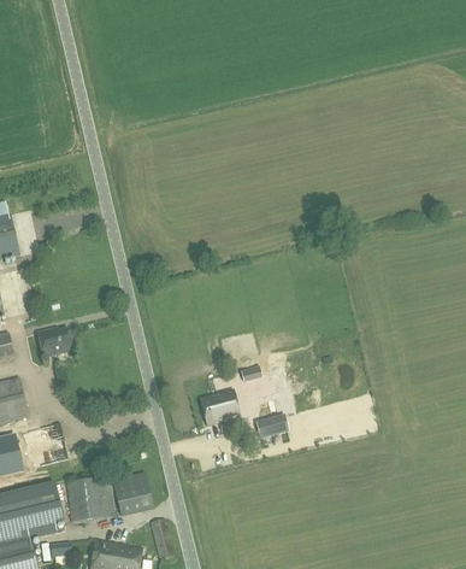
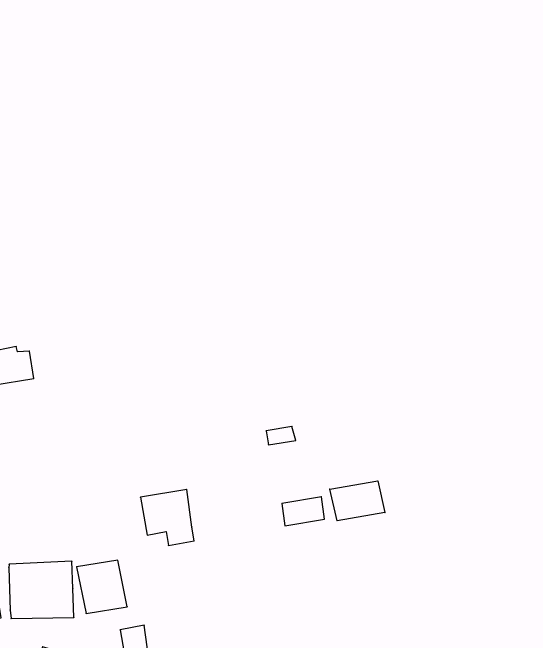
building: [199,389,240,430] -> [140,489,194,545]
building: none -> [330,481,385,521]

